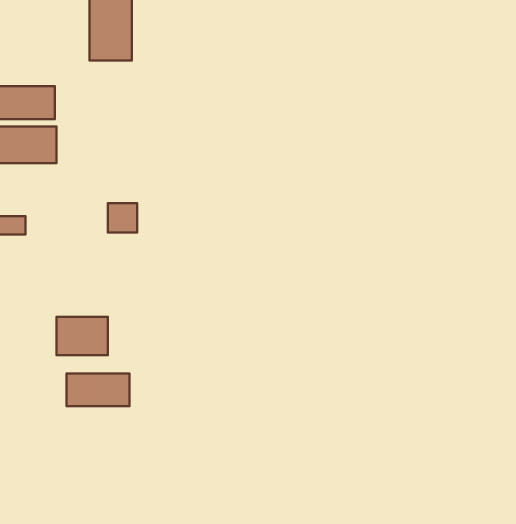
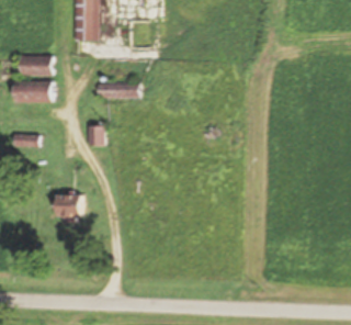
building: none -> [93,82,139,98]
building: [66,374,130,406] -> none

